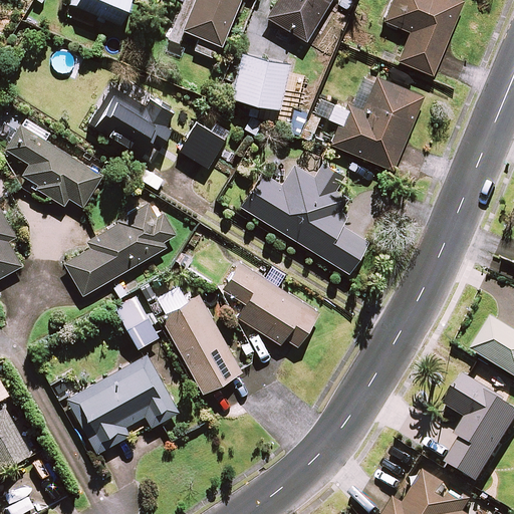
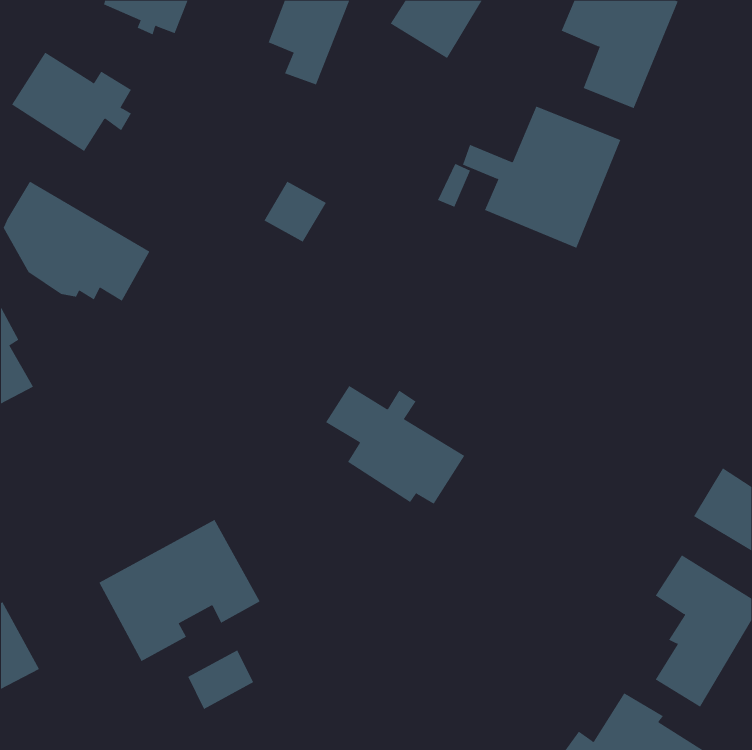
building: [232,54,289,109] -> none
building: [90,85,173,154] -> [11,52,132,152]
building: [241,163,367,273] -> none
building: [63,203,172,295] -> none
building: [114,295,157,348] -> none
building: [161,295,242,394] -> none
building: none -> [187,649,254,710]

